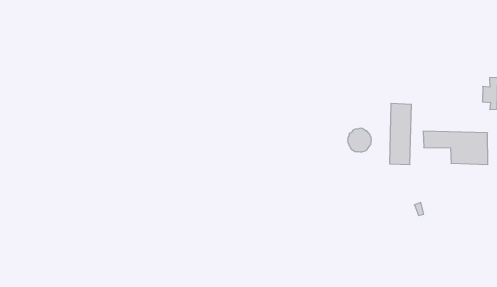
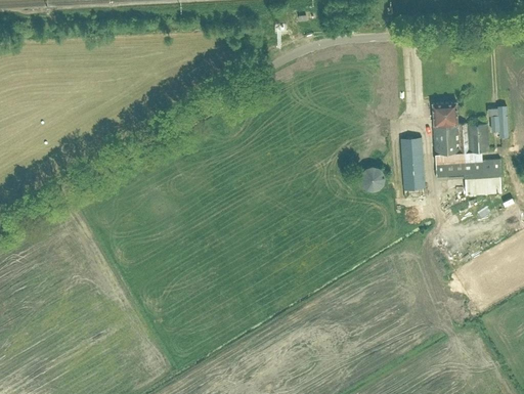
building: none -> [432,102,488,155]

